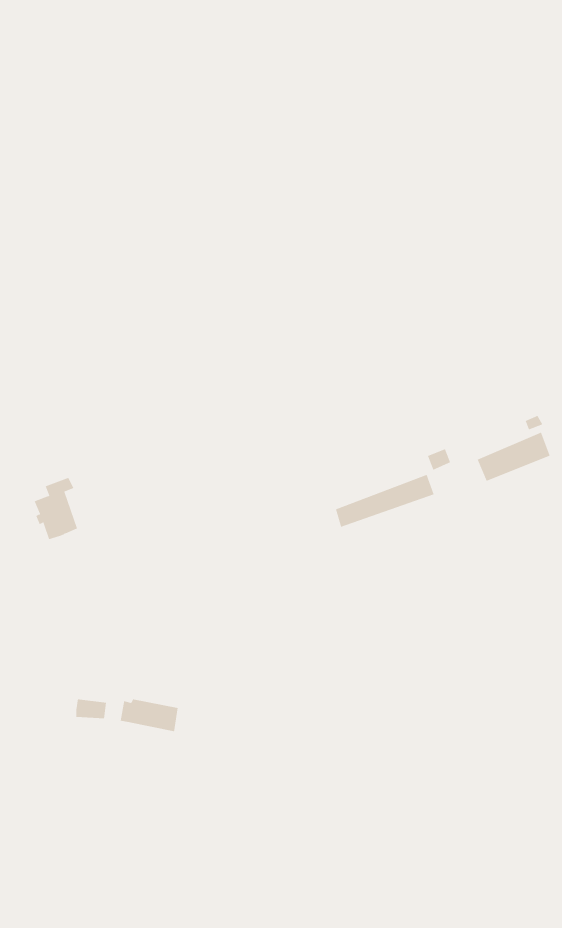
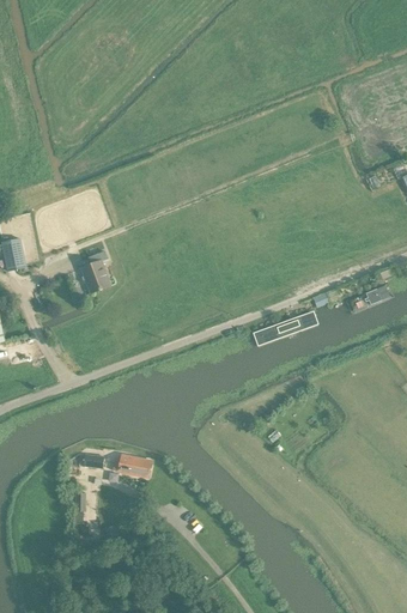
building: [34,477,78,540] -> [80,251,109,292]

